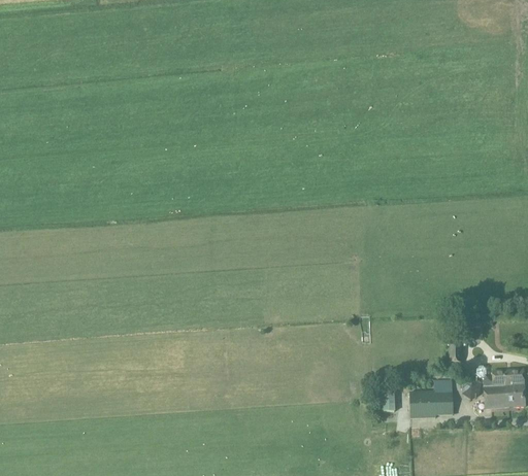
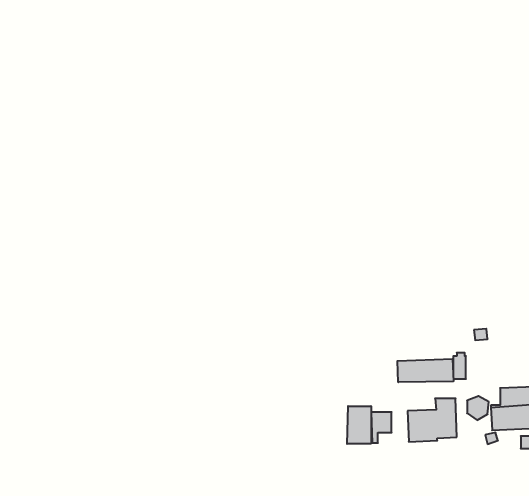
building: none -> [397,359,453,382]
building: none -> [347,406,371,444]

